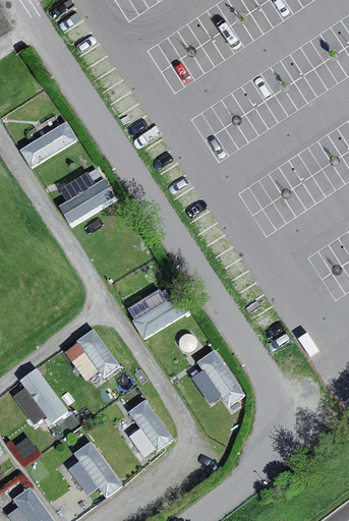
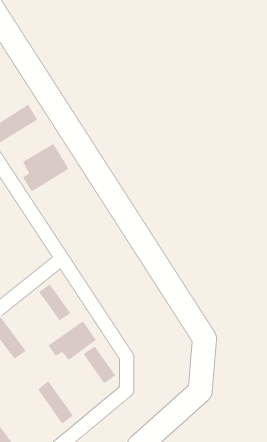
building: [128,286,179,333] -> none
building: [190,346,241,405] -> none
building: none -> [48,320,97,361]

